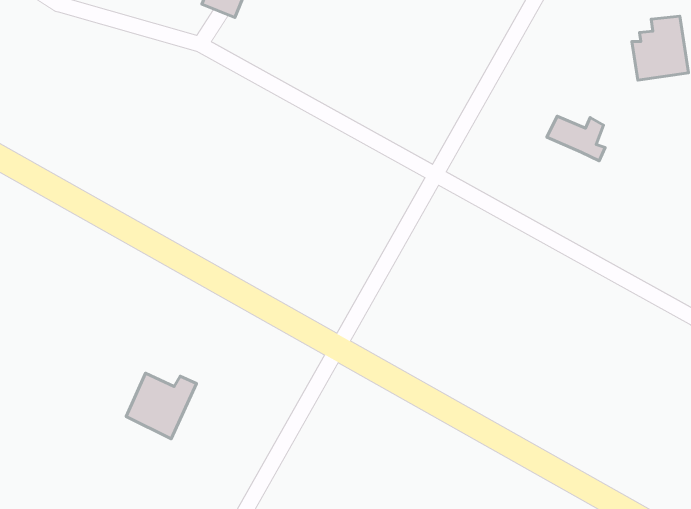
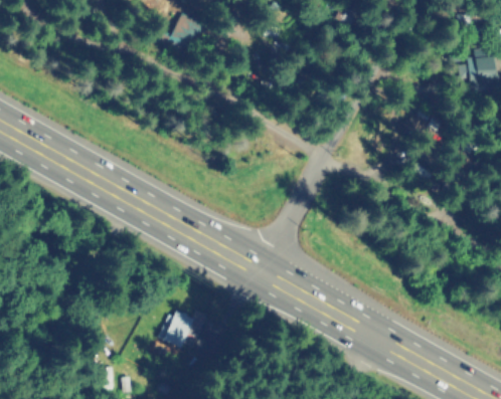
building: [126,373,196,439] -> [160,308,207,352]

